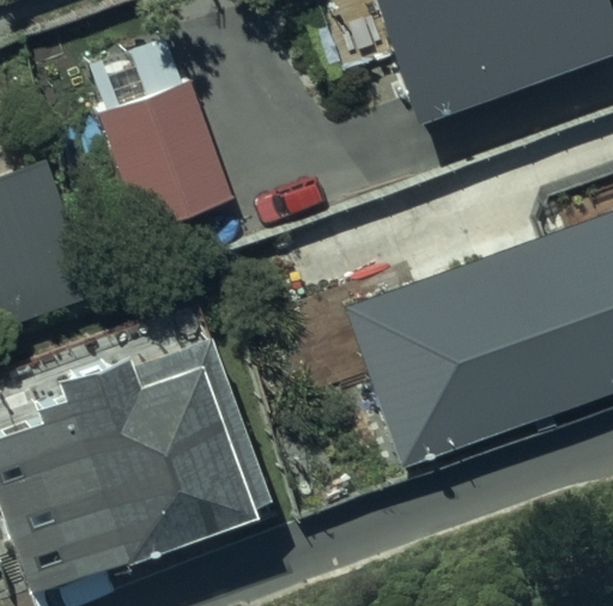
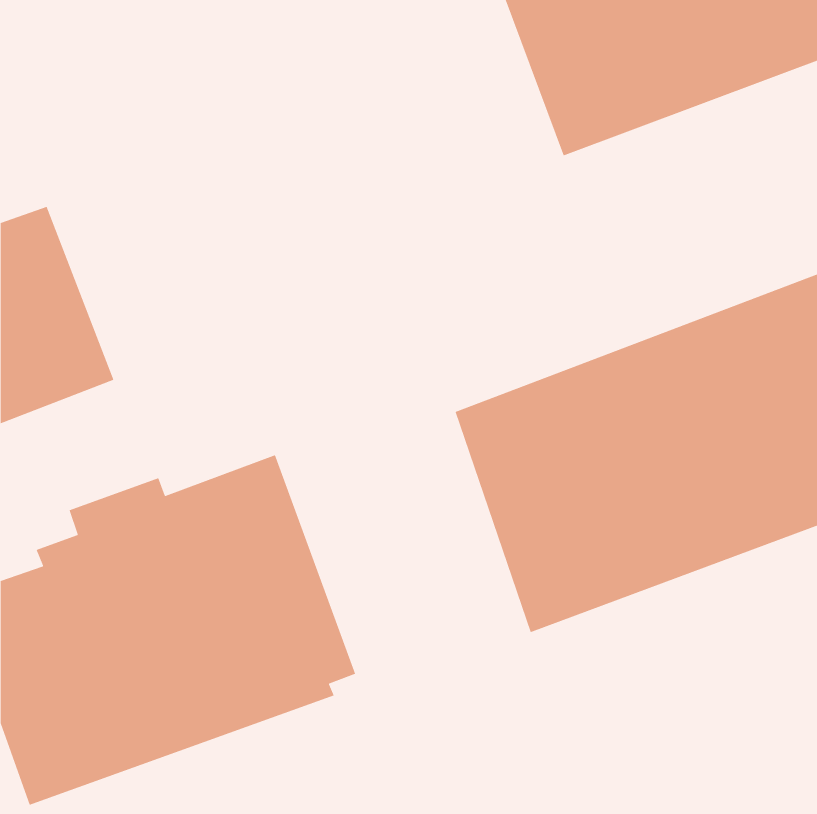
building: [89,37,235,235] -> none

